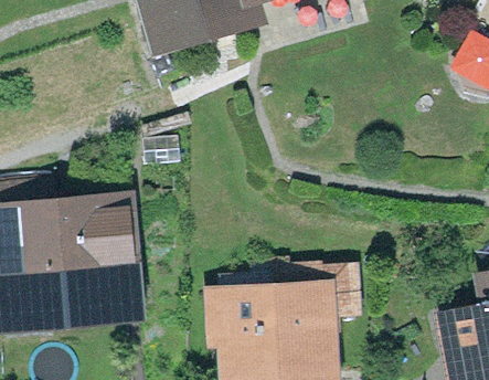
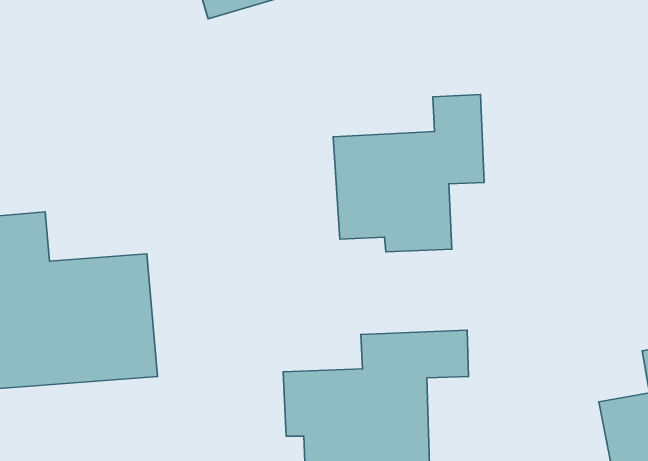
building: none -> [333,95,484,252]

